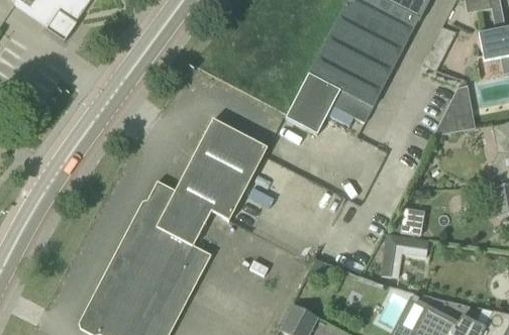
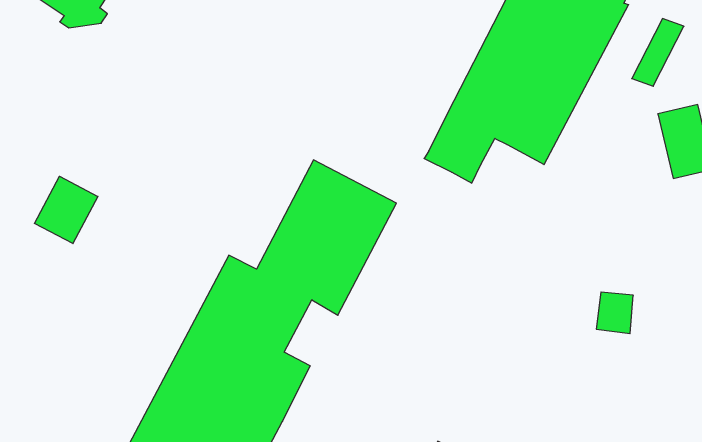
building: none -> [34,176,98,244]
building: [381,232,428,276] -> none

